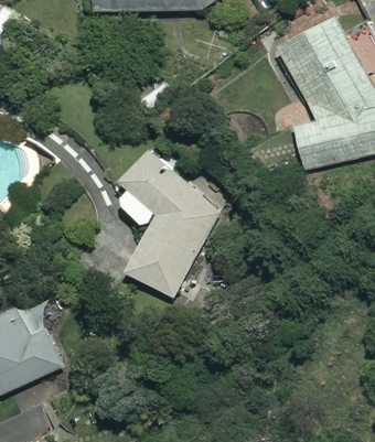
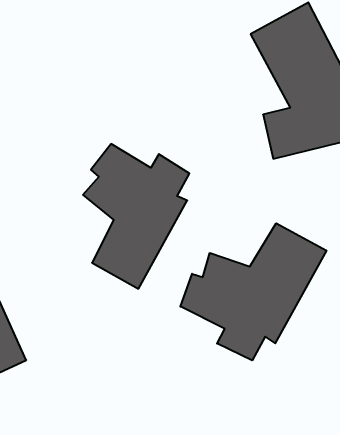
building: none -> [180,223,326,360]

